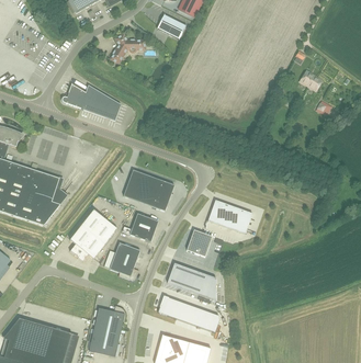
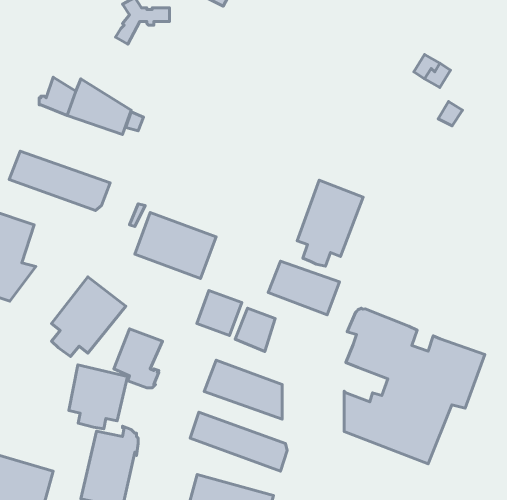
building: none -> [9,151,110,210]
building: none -> [297,180,363,266]
building: [128,213,157,241] -> [197,290,242,335]
building: none -> [344,308,485,464]
building: none -> [69,365,127,429]

